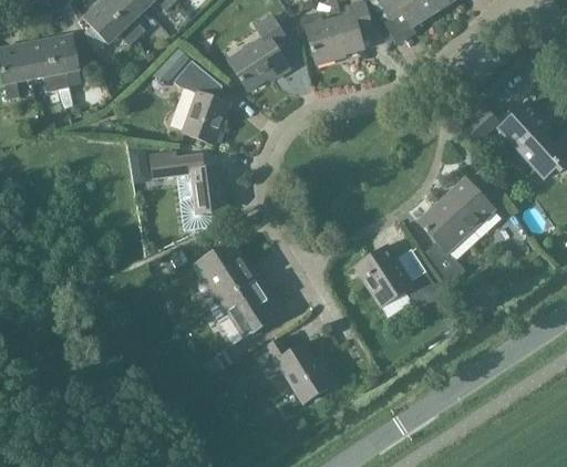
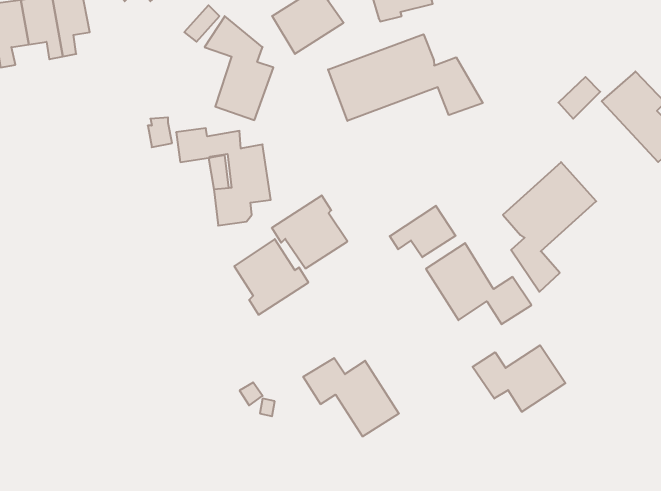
building: none -> [328,34,483,121]
building: none -> [390,206,456,257]
building: [217,277,279,336] -> [272,195,347,268]
building: none -> [473,345,565,412]

